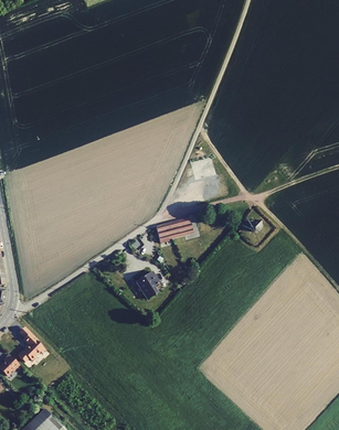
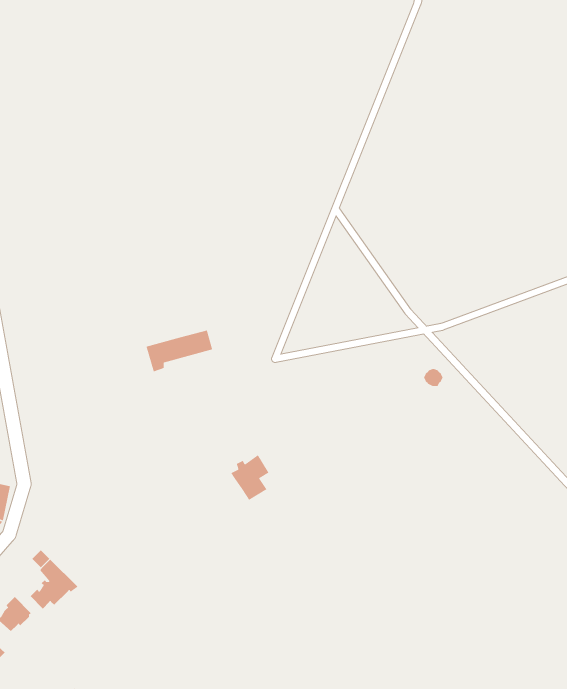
building: [156,217,195,243] -> [146,329,213,372]

